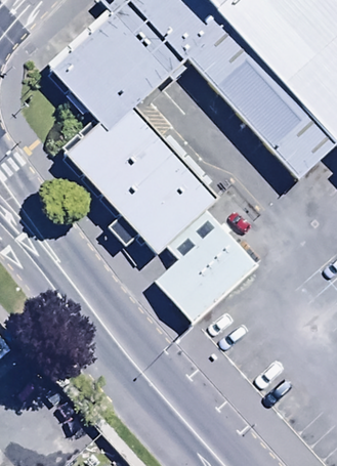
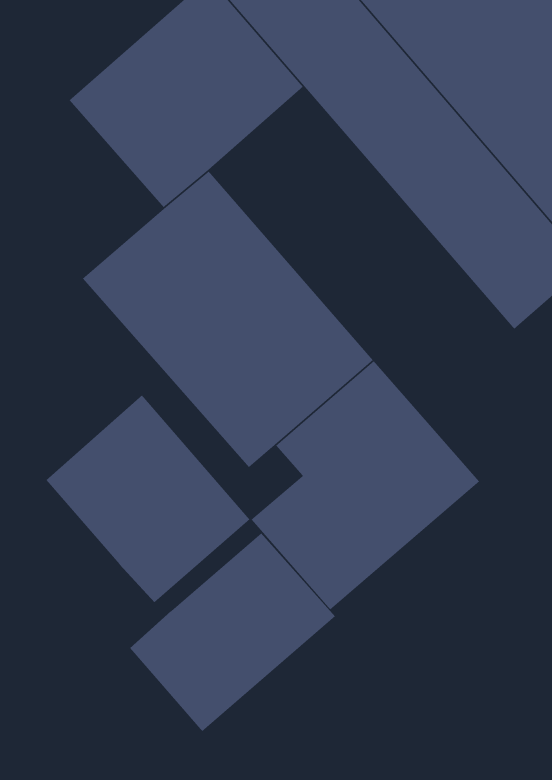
building: none -> [45,394,251,603]
building: none -> [129,532,336,732]

